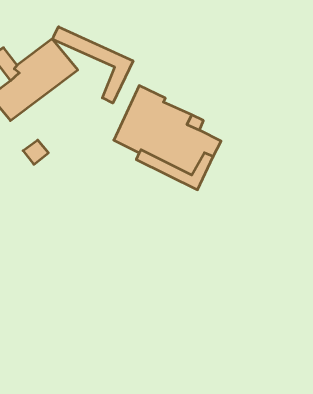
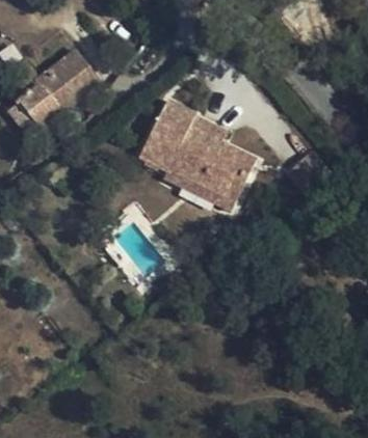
building: [53,27,133,103] -> none

